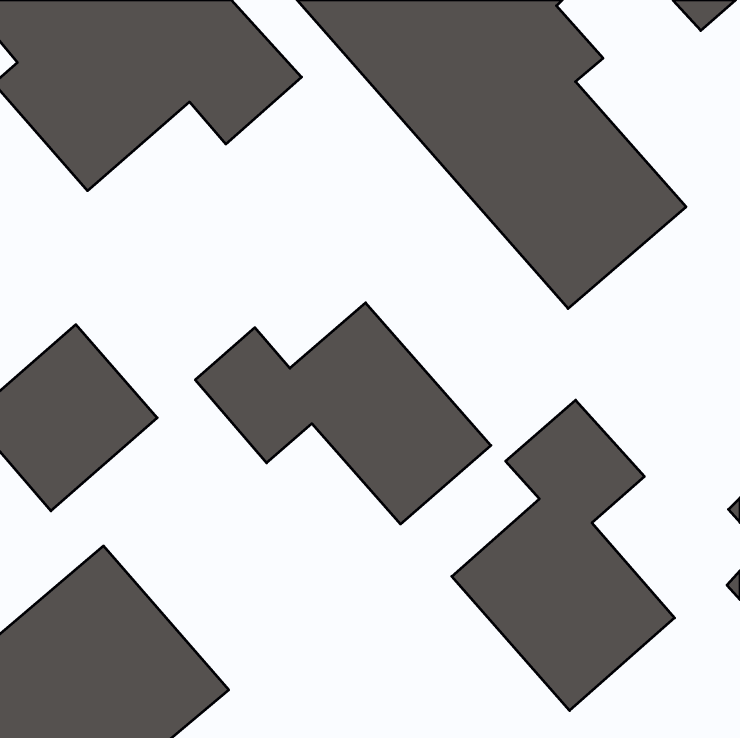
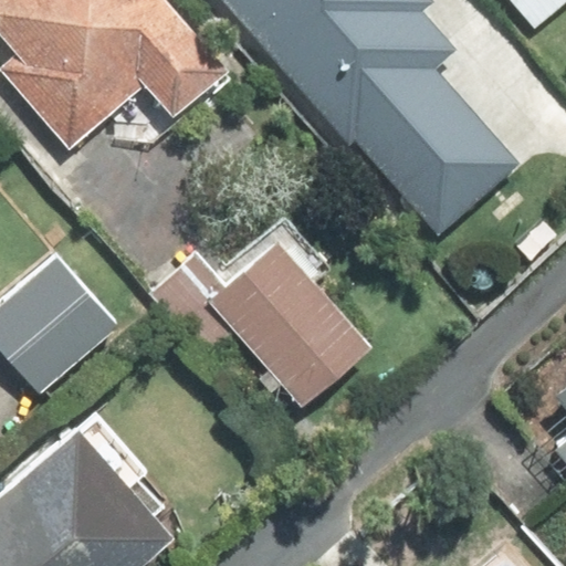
building: [452,400,675,711] -> none

